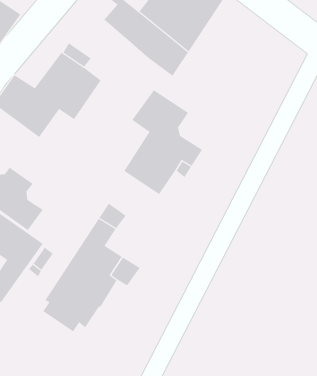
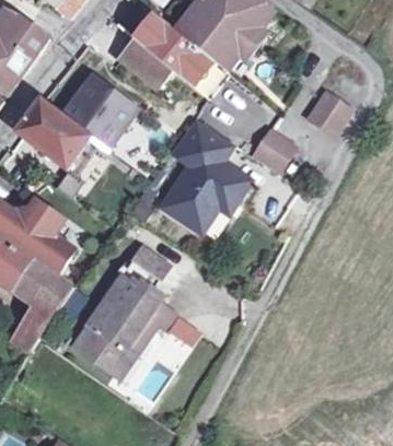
building: none -> [119,39,171,90]
building: none -> [305,87,348,132]
building: none -> [251,128,293,171]

